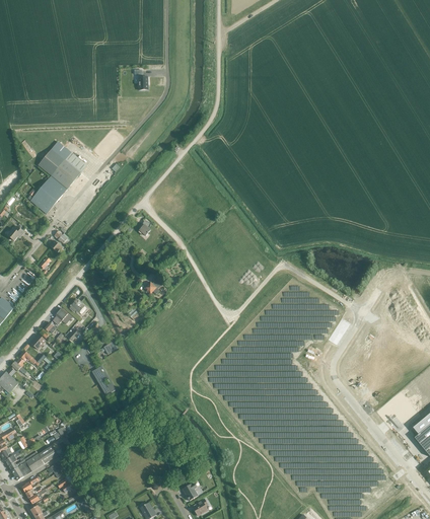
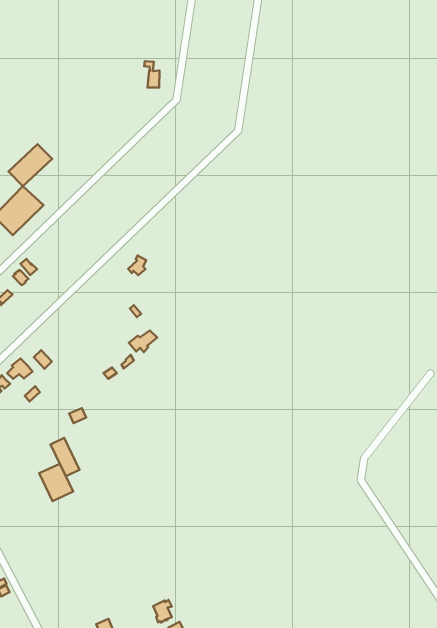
building: [50,151,86,188] -> none
building: none -> [39,464,73,501]

